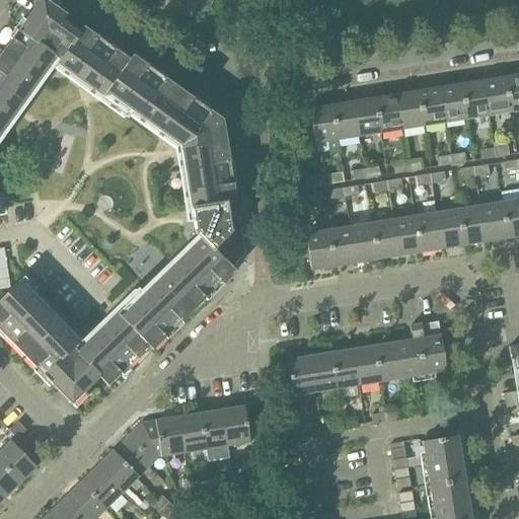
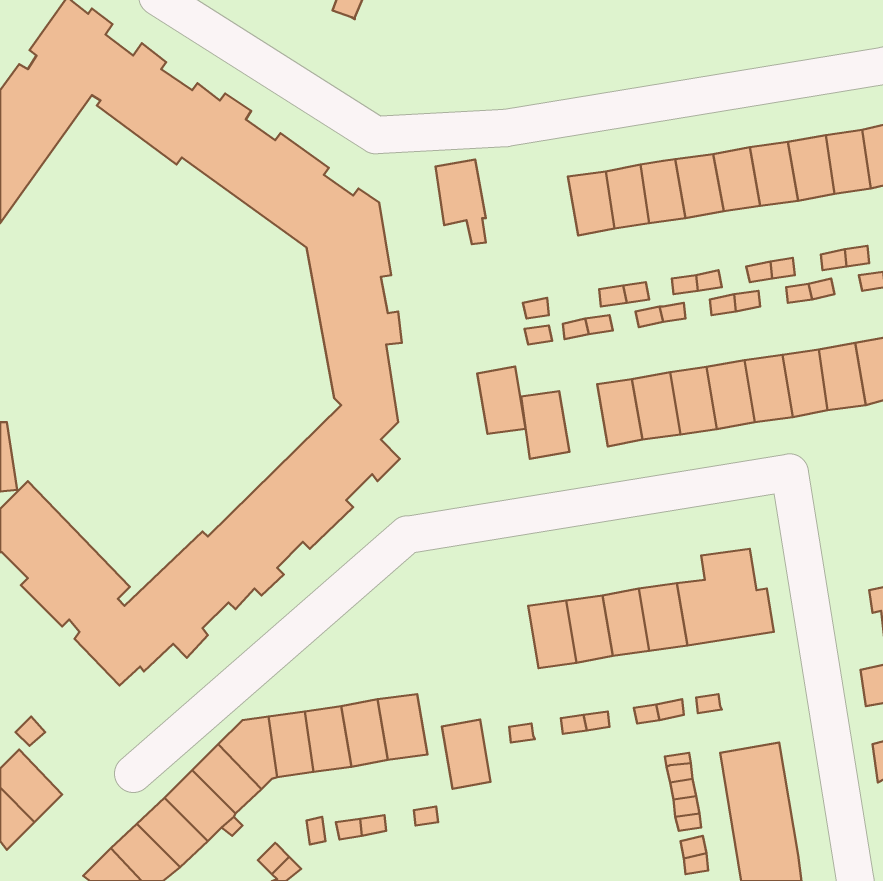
building: [310,103,340,153] -> [435,159,486,244]
building: [328,225,357,265] -> [477,366,526,434]
building: [288,355,316,395] -> [442,720,490,789]

